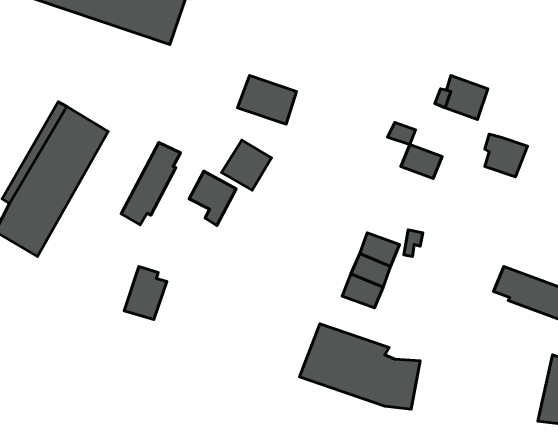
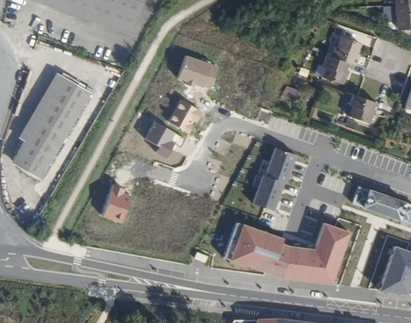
building: none -> [328,36,358,65]
building: [121,142,180,225] -> none
building: [401,145,442,178] -> [266,146,294,169]
building: none -> [296,222,349,287]

